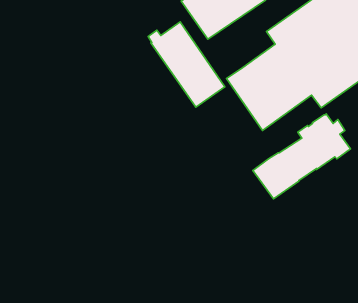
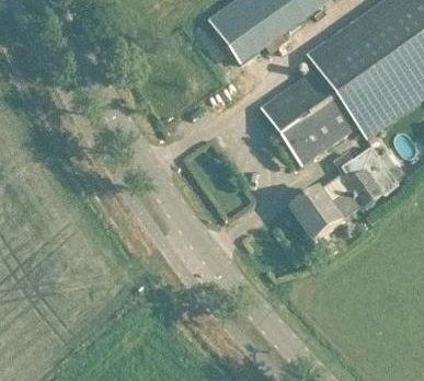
building: [148,22,225,107] -> none

